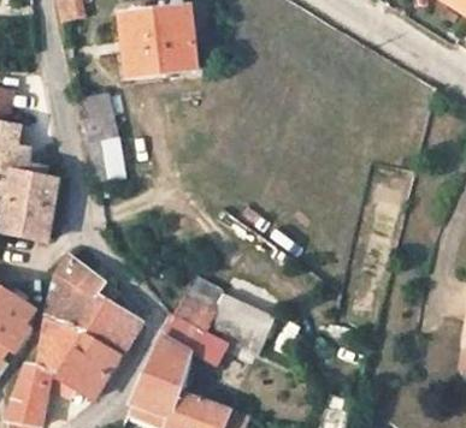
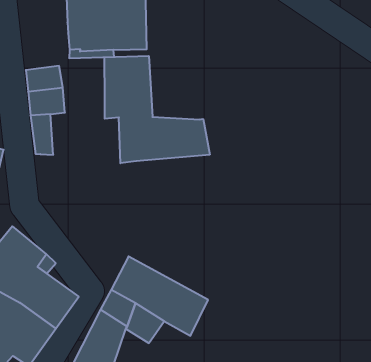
building: none -> [104,56,210,163]

